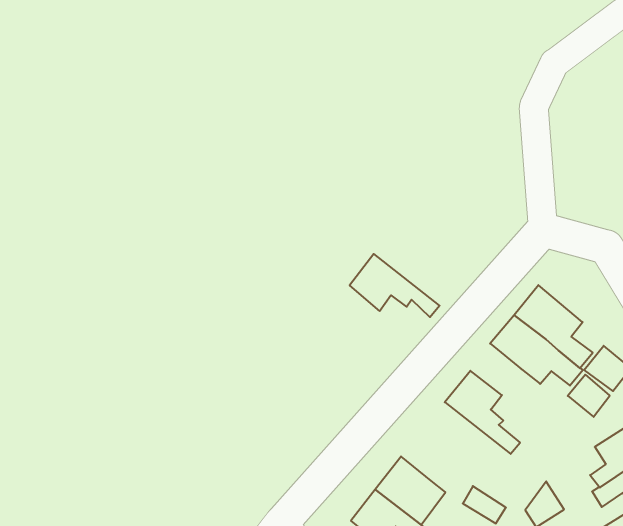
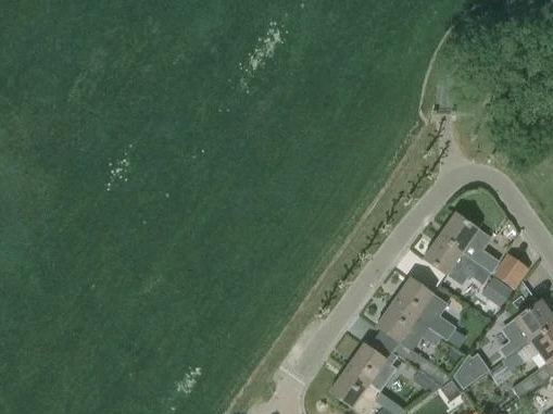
building: [350,254,440,317] -> [377,302,443,346]

